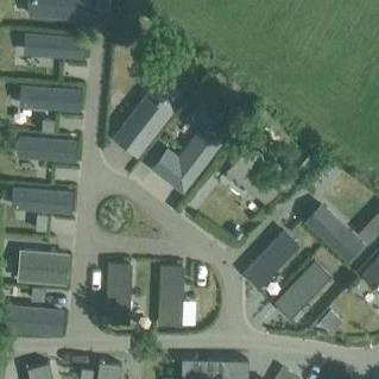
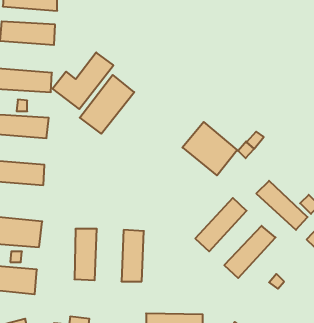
building: [151,131,219,194] -> [52,52,113,109]

